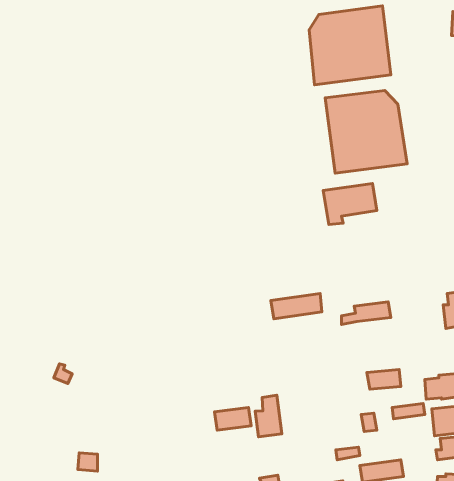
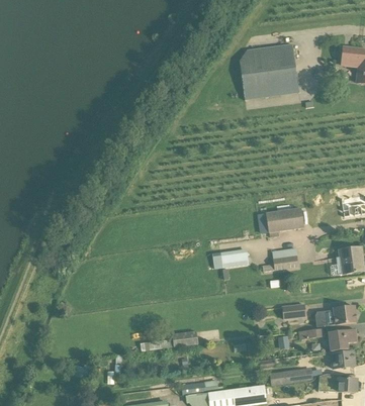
building: [325,90,407,173] -> none
building: [323,184,377,224] -> [265,207,303,236]
building: [255,395,282,437] -> none

